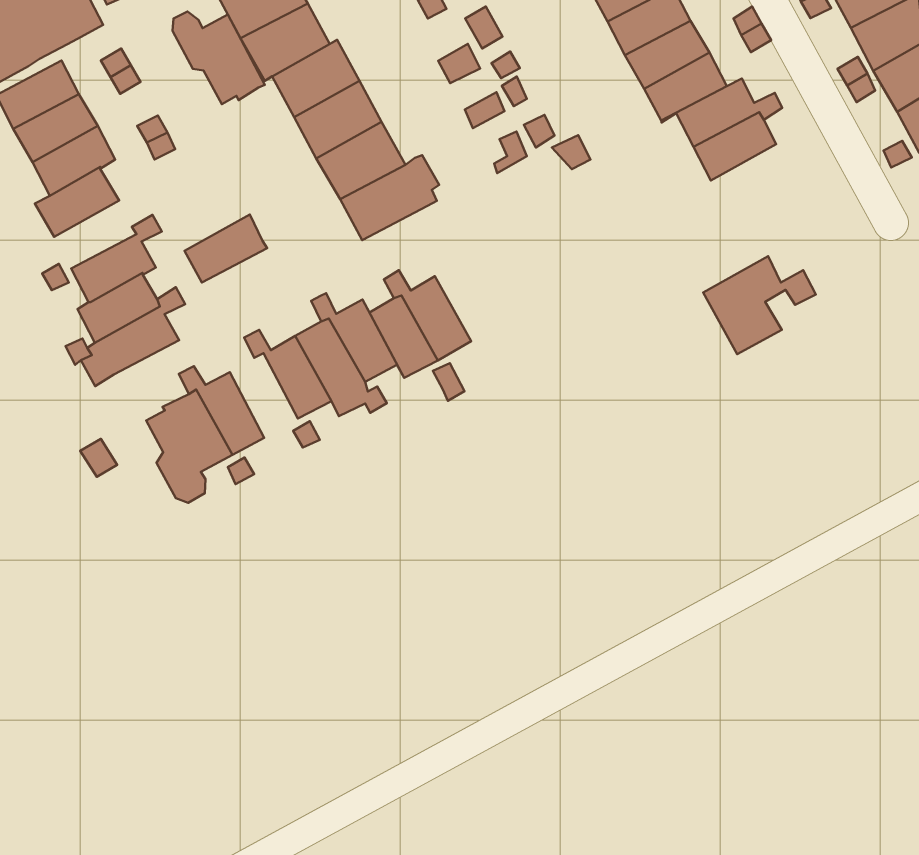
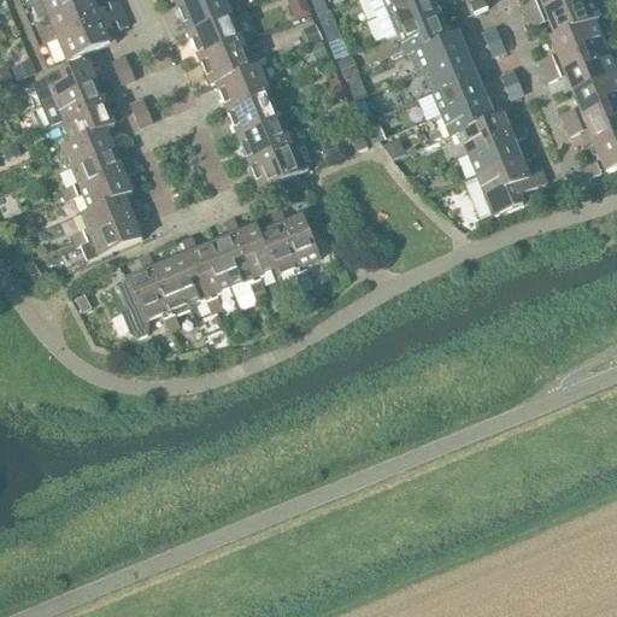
building: [173,11,265,104] -> none
building: [185,214,267,282] -> [72,147,123,186]
building: [703,256,816,354] -> [477,154,546,212]
building: none -> [171,249,210,301]

